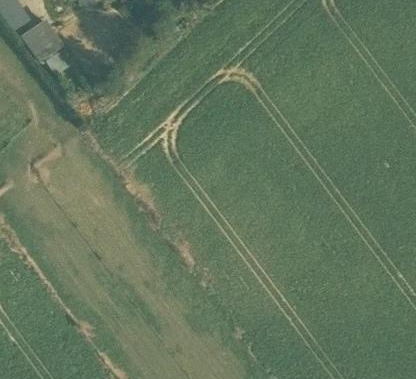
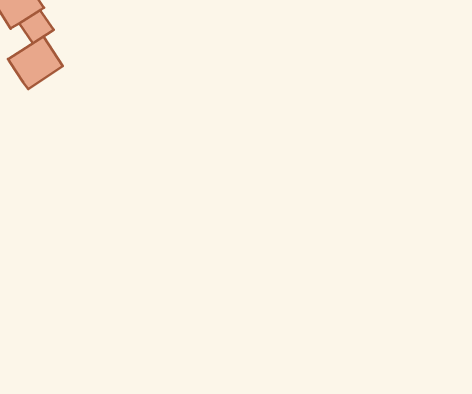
building: none -> [8,36,63,89]

